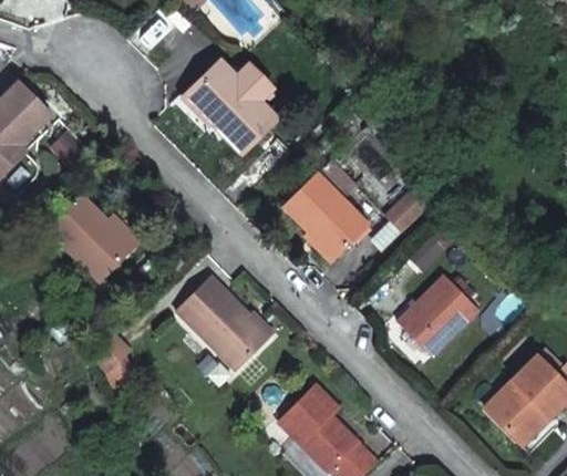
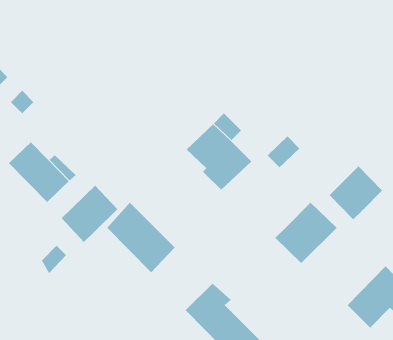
building: [179,61,279,154] -> none
building: none -> [329,166,383,220]
building: none -> [61,185,118,243]

